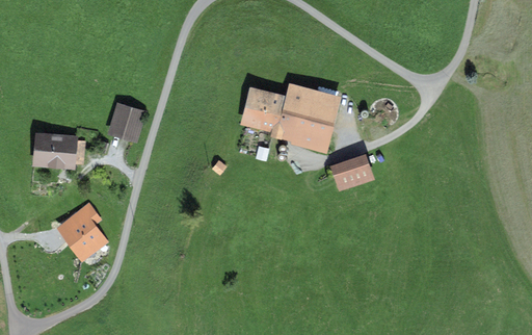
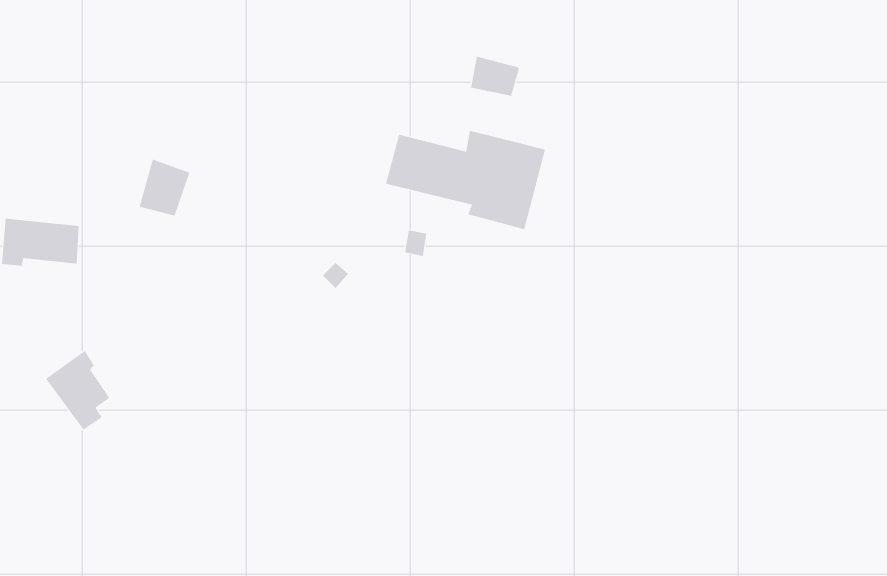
building: none -> [470,56,520,97]
building: [332,156,369,186] -> none

